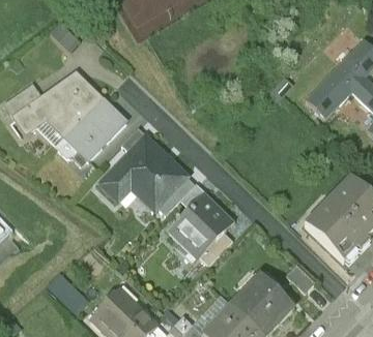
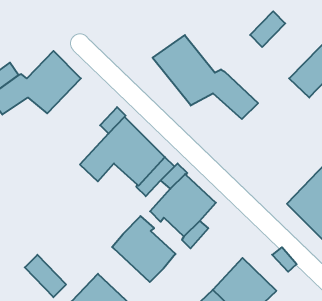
building: none -> [250,11,285,47]
building: none -> [153,35,258,119]
building: [63,99,124,161] -> none
building: none -> [112,216,176,282]

